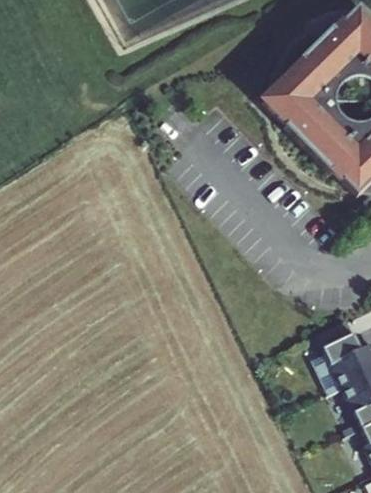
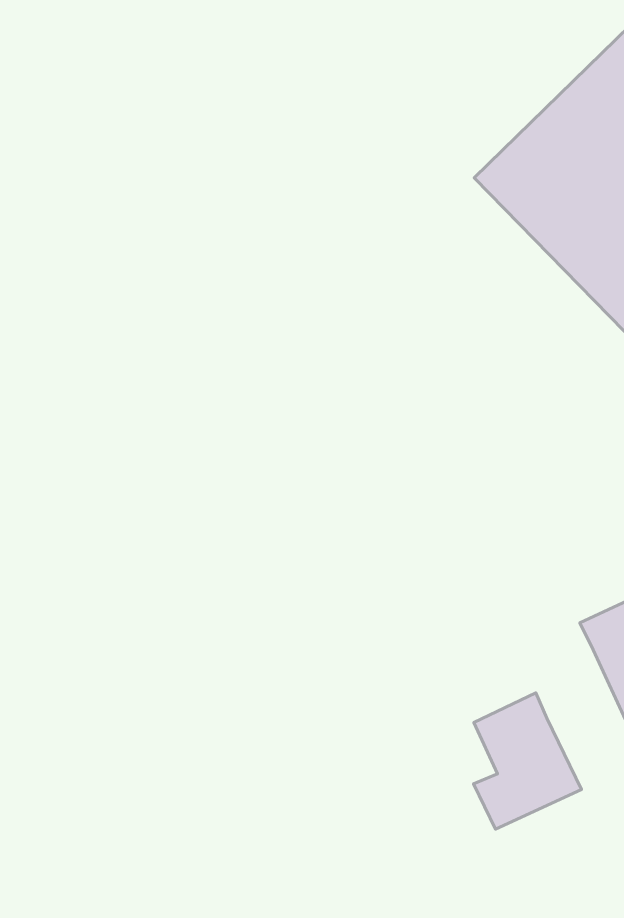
building: none -> [473,693,582,829]

